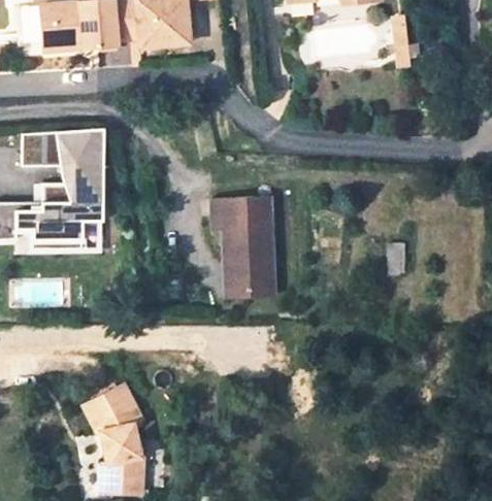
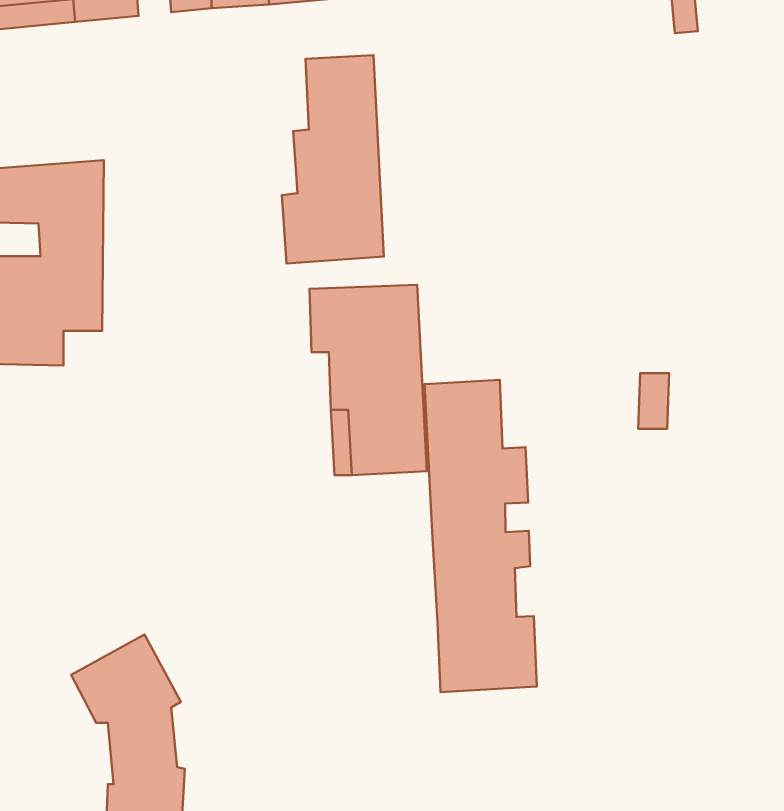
building: none -> [282,55,384,263]
building: none -> [425,380,537,692]

